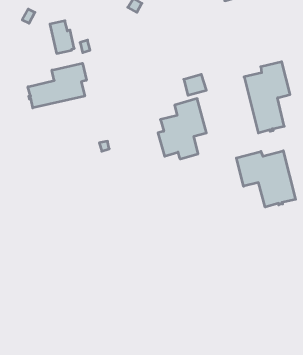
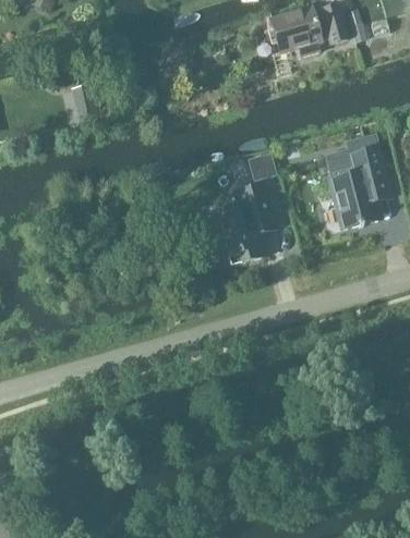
building: [28,63,86,108] -> none
building: [236,151,296,207] -> none

